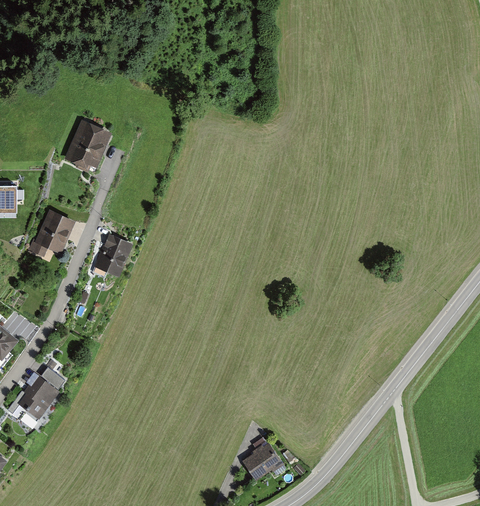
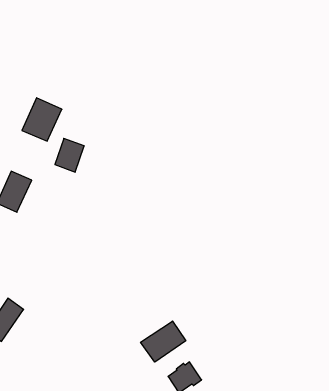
building: [95,234,131,275] -> [55,138,84,172]
building: none -> [141,321,186,362]

